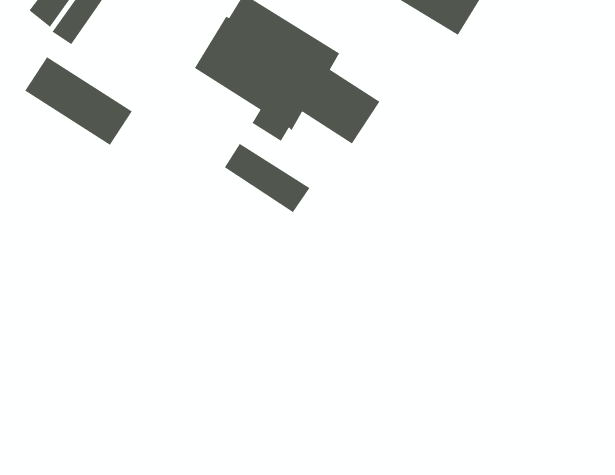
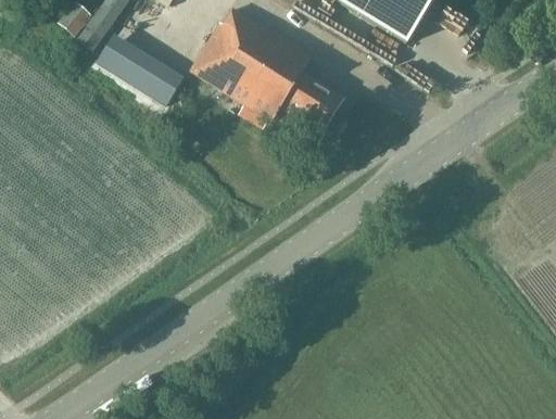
building: [24,56,133,146] -> [94,31,182,104]
building: [224,143,310,213] -> none

